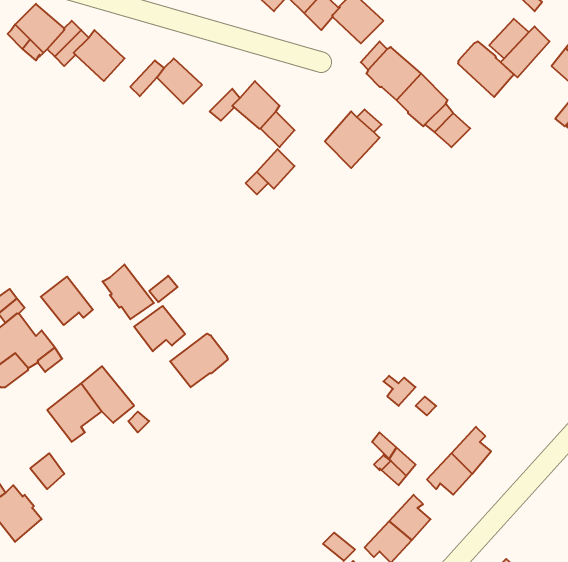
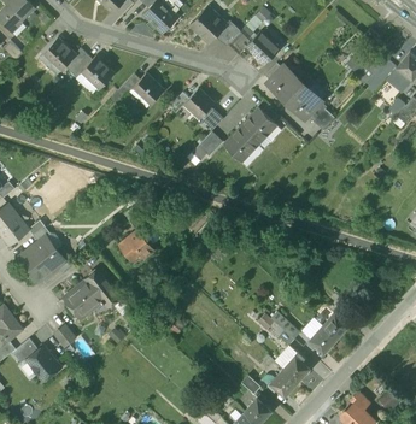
building: [458,41,514,97] -> none
building: none -> [223,126,258,161]
building: [102,264,154,319] -> none
building: [41,277,93,325] -> none
building: [170,334,228,387] -> none

